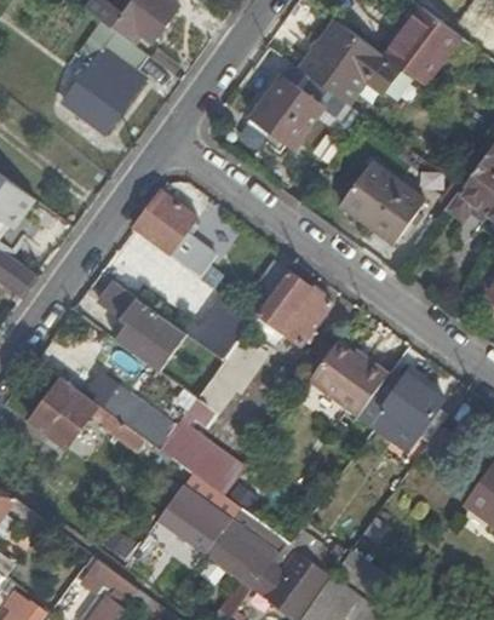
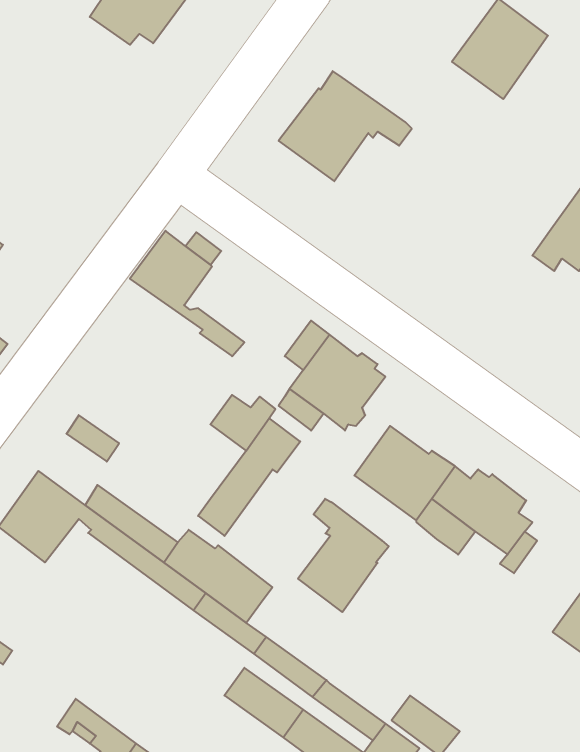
building: [298,21,401,104] -> none
building: [62,22,147,134] -> none
building: [340,162,425,243] -> none
building: [97,281,188,373] -> none
building: none -> [298,499,389,612]
building: [159,496,222,552] -> none

